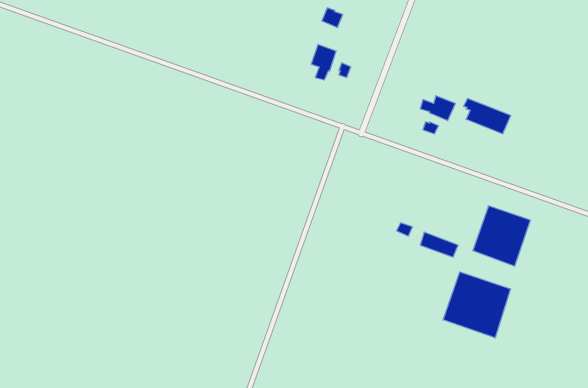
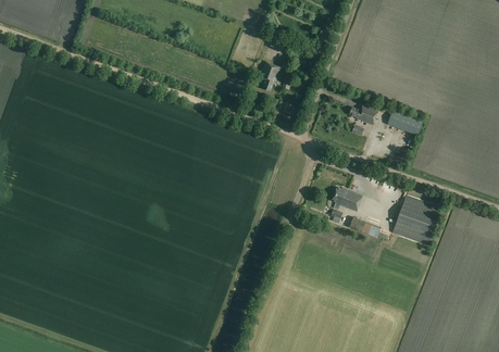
building: none -> [330,187,362,212]
building: [443,272,510,338] -> none

